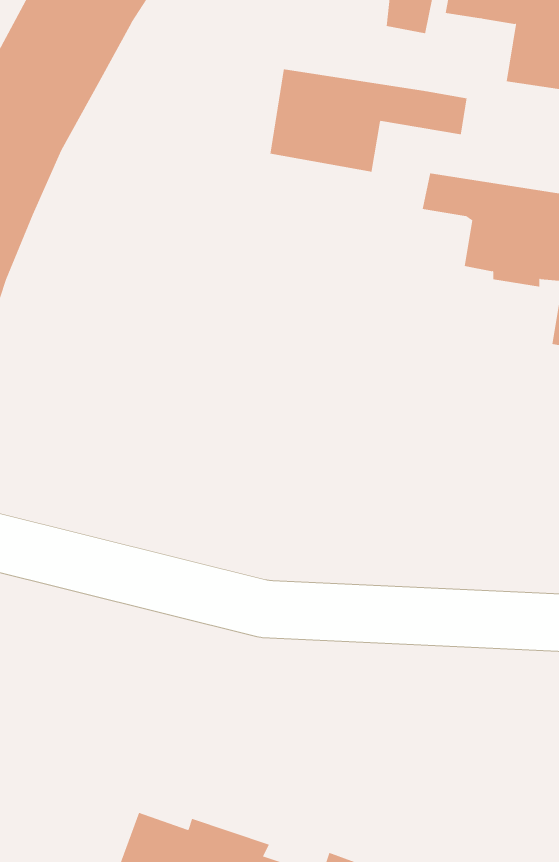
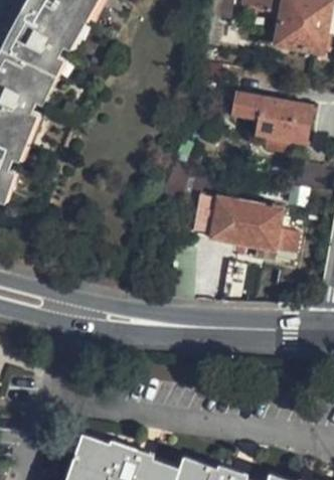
building: [270,69,467,173] -> none
building: none -> [194,194,286,254]

